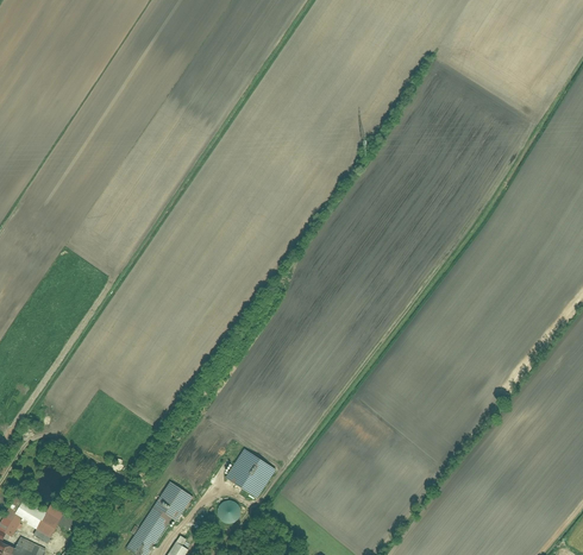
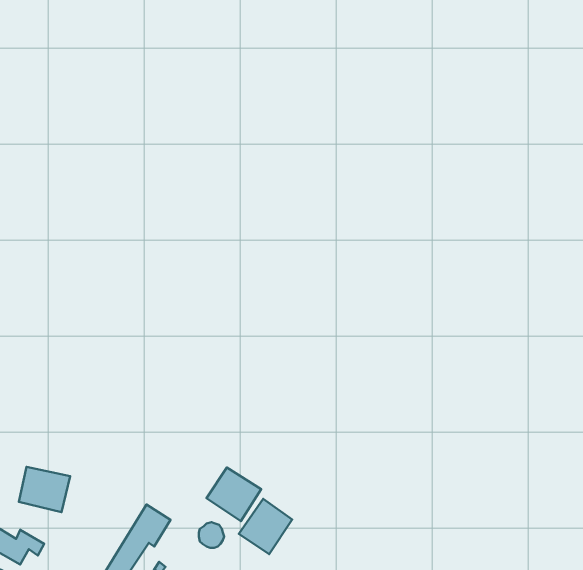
building: none -> [19,467,70,512]
building: none -> [239,499,292,554]

